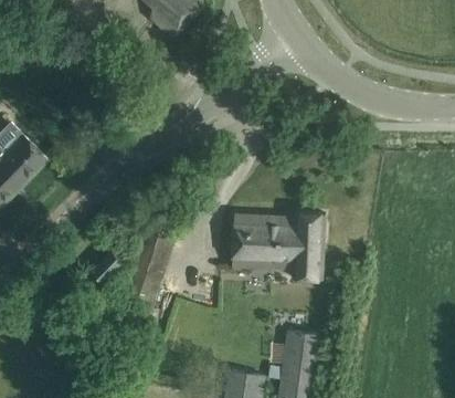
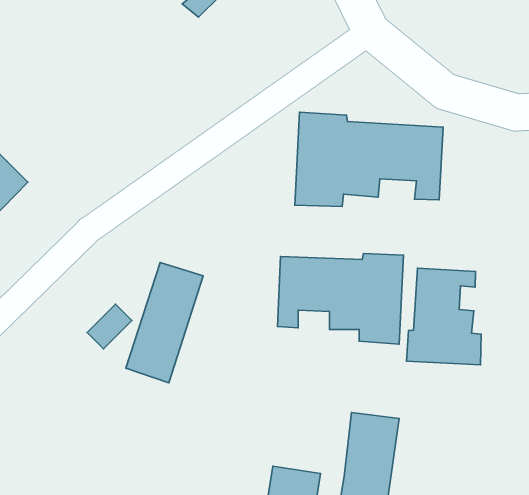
building: none -> [295,112,443,206]
building: none -> [407,268,481,365]

